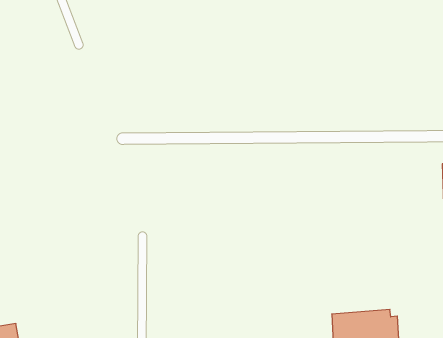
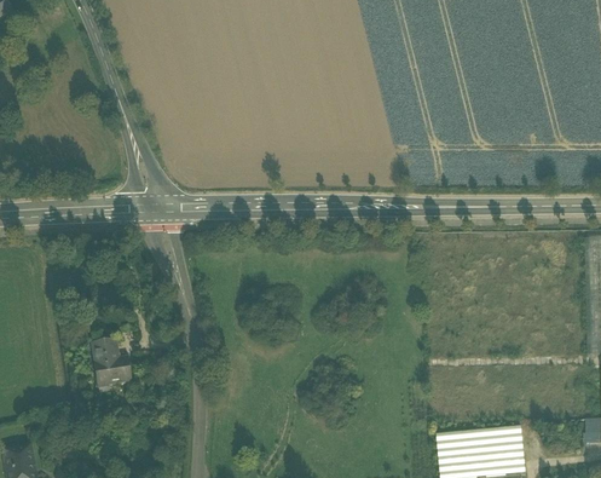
building: none -> [94,340,134,390]

